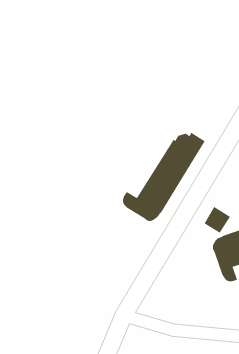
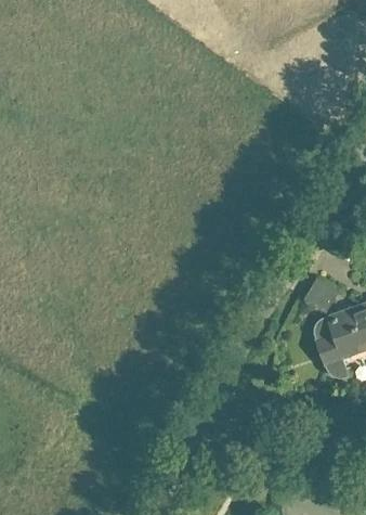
building: [122,131,205,222] -> none

